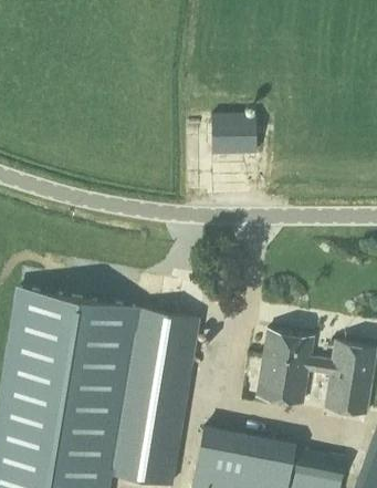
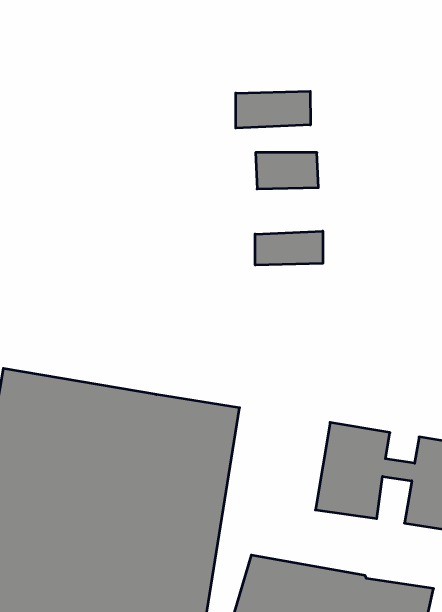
building: none -> [236,91,310,128]
building: none -> [255,231,323,265]

